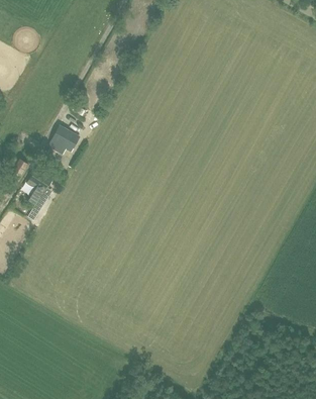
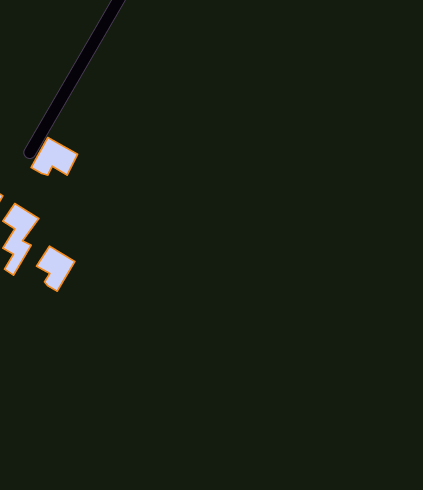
building: none -> [37,246,75,291]

